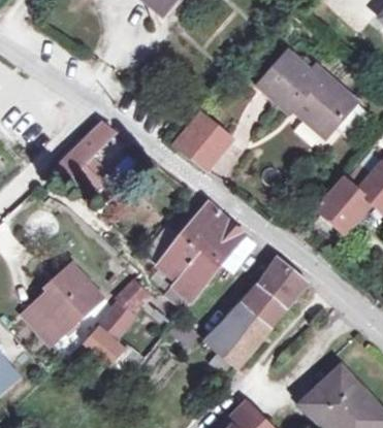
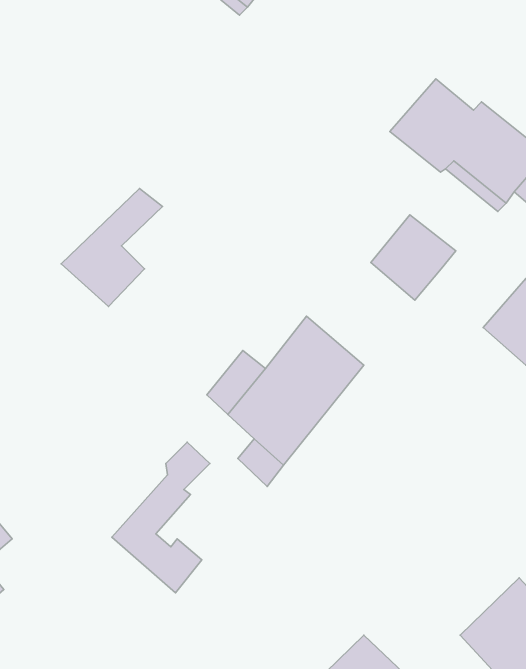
building: [177,114,230,168] -> [371,215,456,300]
building: [204,258,308,377] -> none
building: [25,264,100,342] -> none

